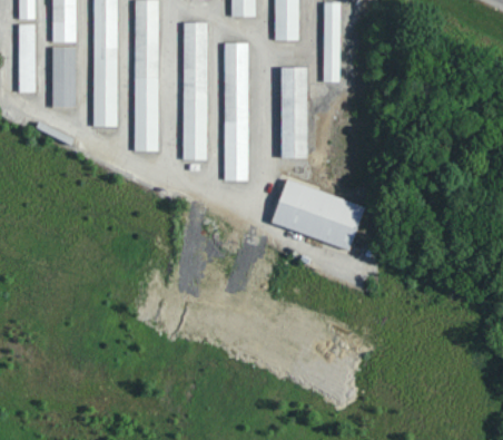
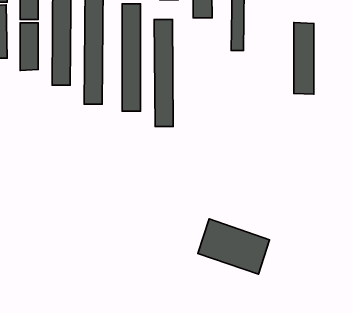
building: [282,66,307,158] -> [294,23,314,94]
building: [273,178,365,250] -> [198,219,270,274]

